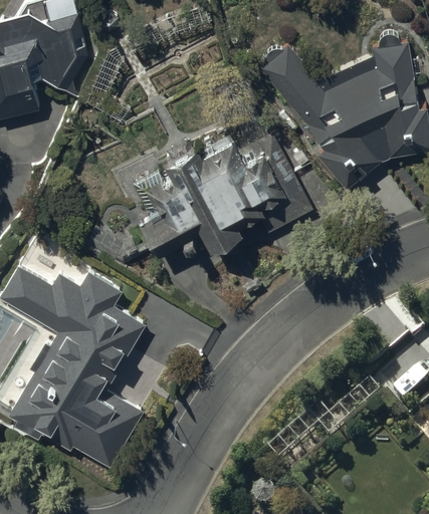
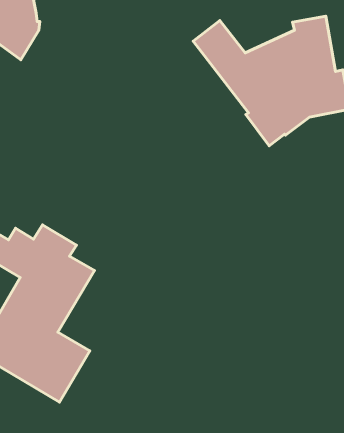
building: [130,131,308,252] -> none

